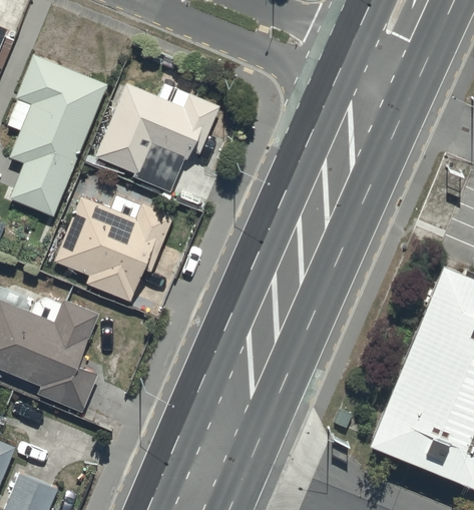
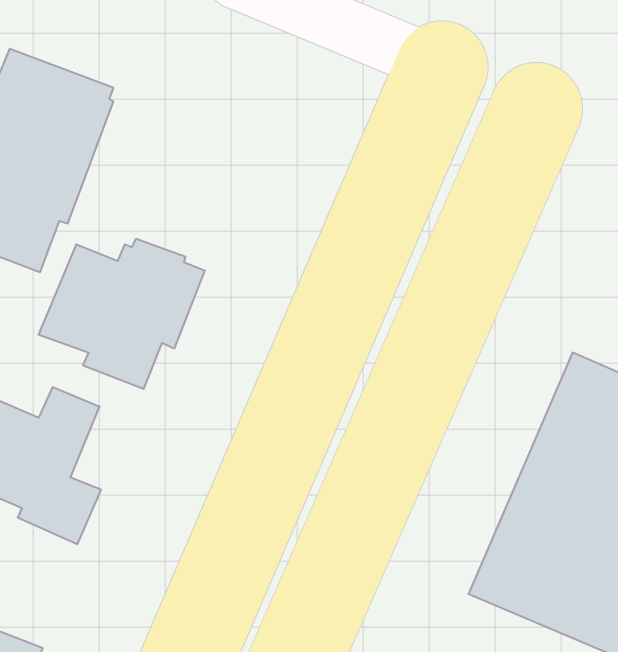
building: [85,82,219,192] -> none

